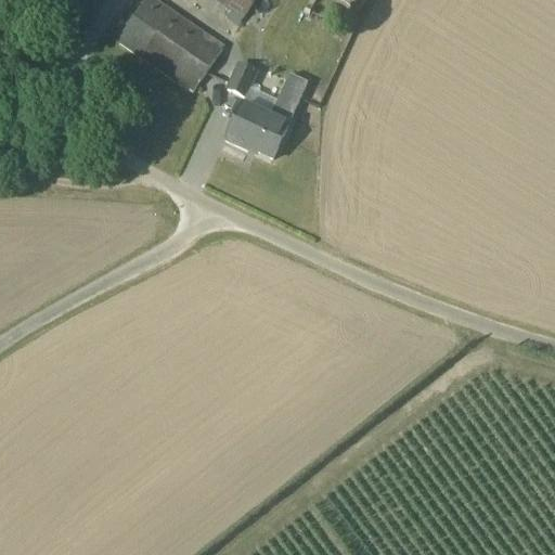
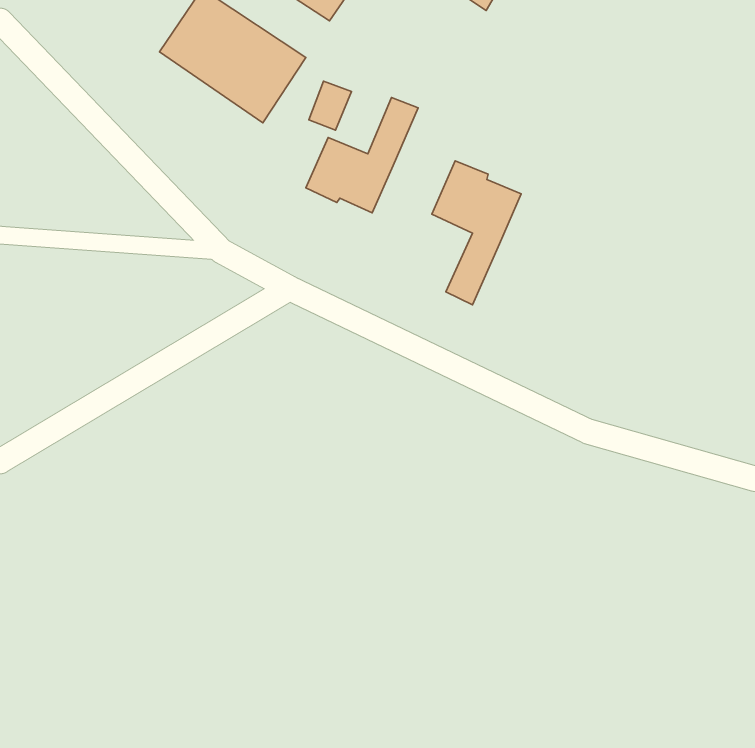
building: none -> [432,161,521,305]

